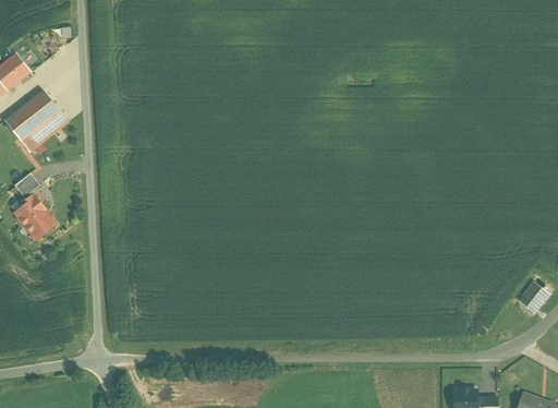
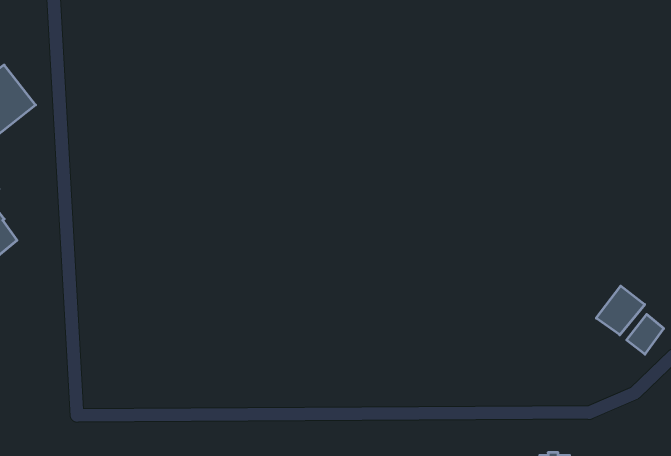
building: none -> [596,286,645,335]

